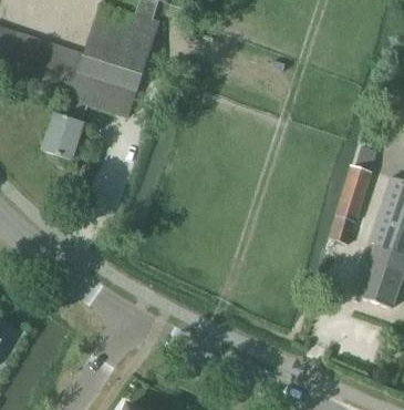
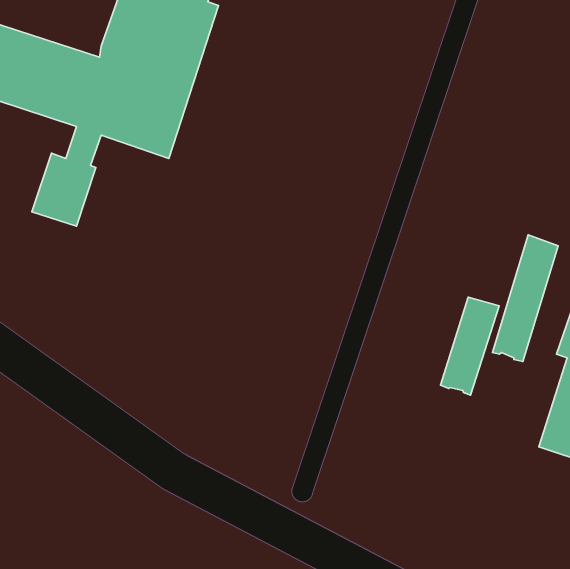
building: none -> [441,297,499,395]

